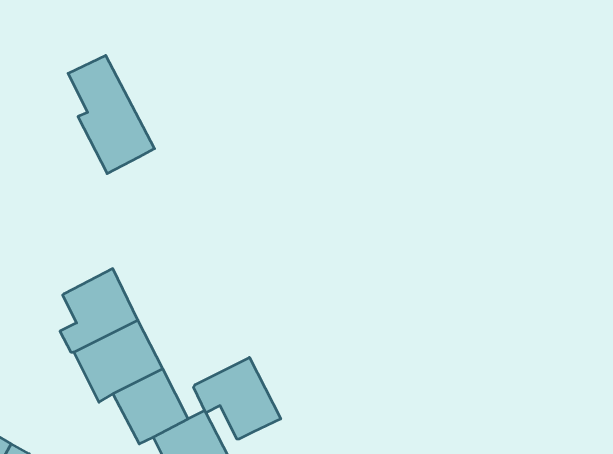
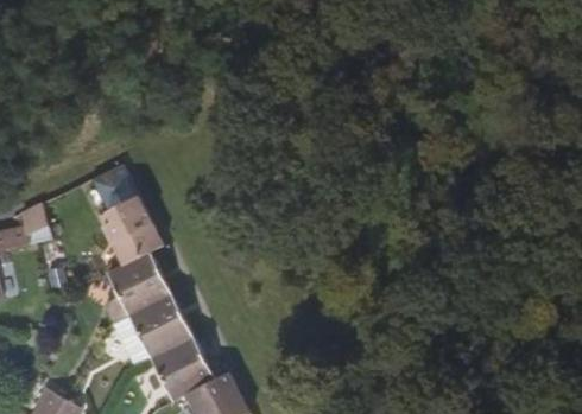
building: [68,55,155,174] -> [90,164,164,265]
building: [194,357,281,439] -> none

